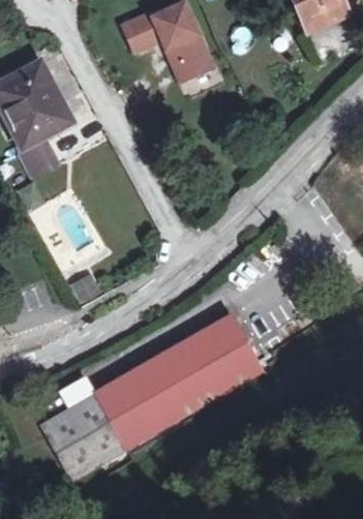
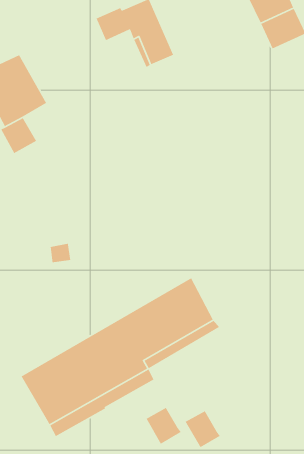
building: none -> [145,407,182,445]
building: none -> [185,410,221,448]

